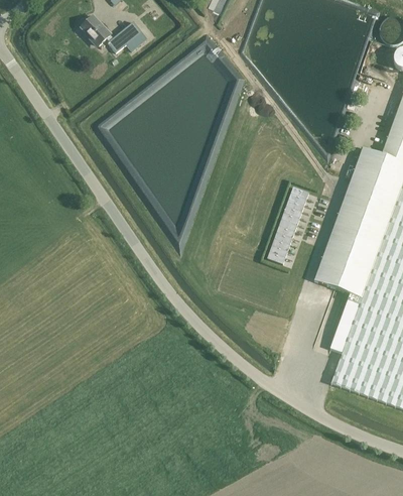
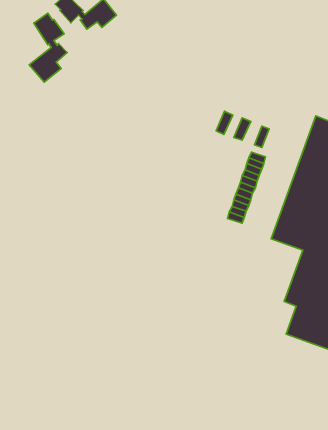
building: none -> [29,13,67,82]

